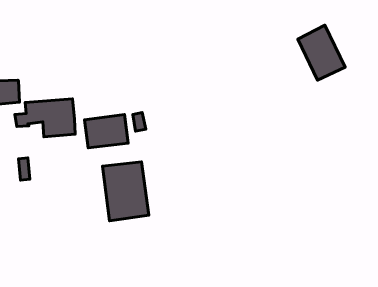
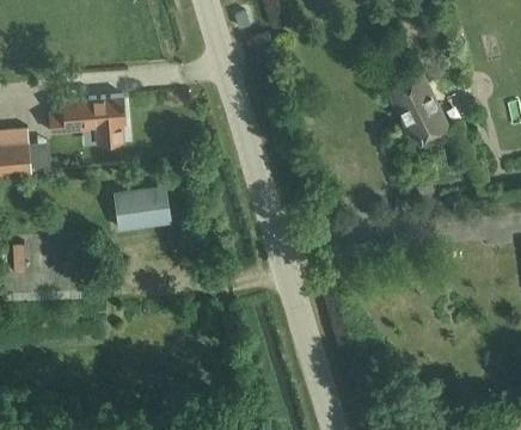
building: [15,99,75,137] -> [48,97,125,146]
building: [102,162,149,221] -> none

